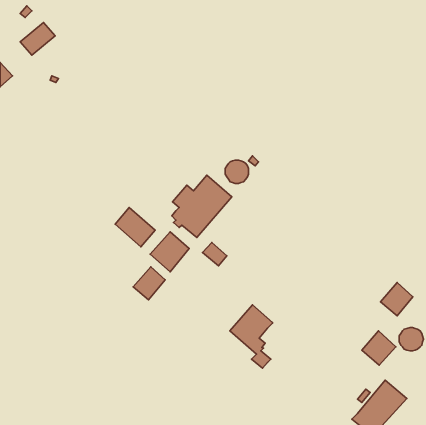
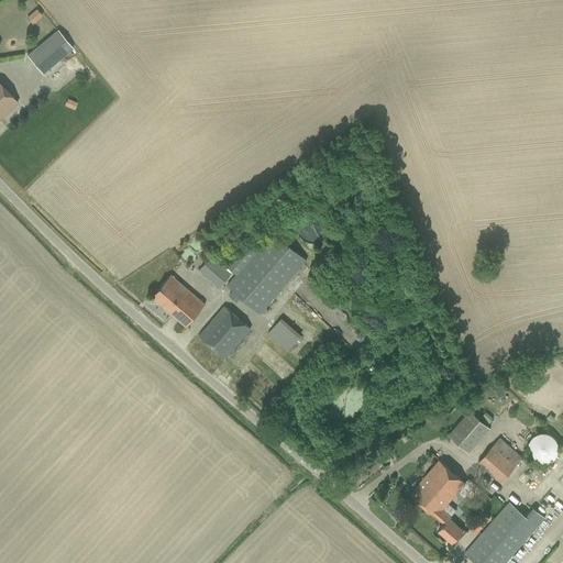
building: none -> [199,257,231,288]
building: [133,267,165,300] -> none
building: [380,283,413,316] -> [446,410,489,454]
building: [230,305,273,368] -> [409,460,465,543]

